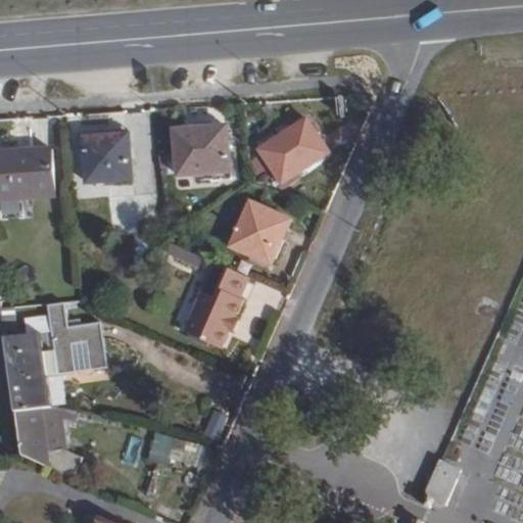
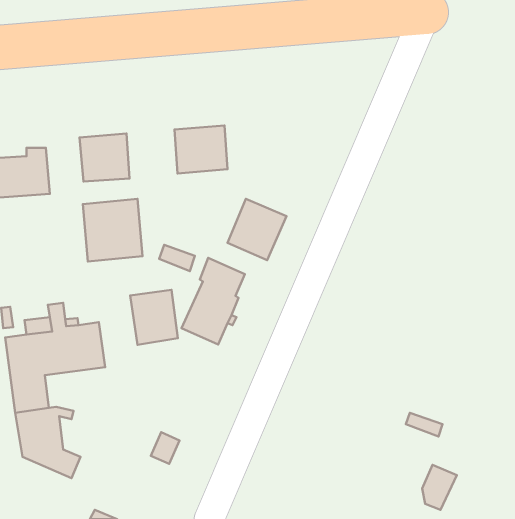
building: [256,117,325,180] -> none
building: none -> [83,199,143,261]
building: none -> [130,290,178,345]

